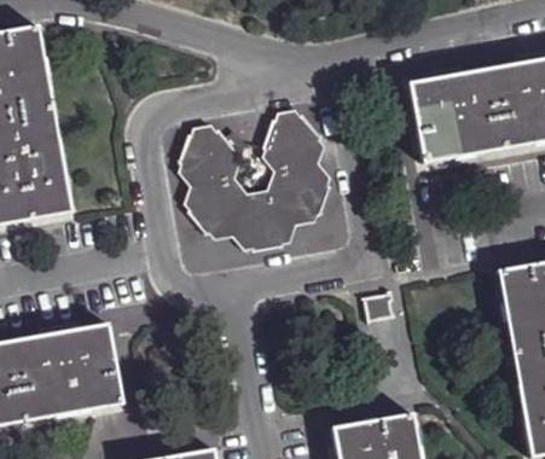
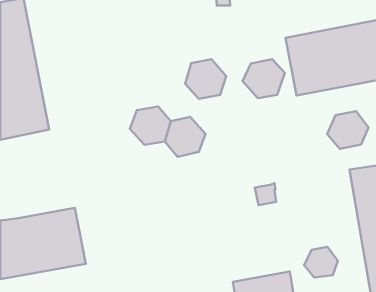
building: [178,129,236,185] -> none
building: [272,163,332,219] -> [242,59,285,98]
building: none -> [327,111,369,149]
building: none -> [304,247,338,278]

